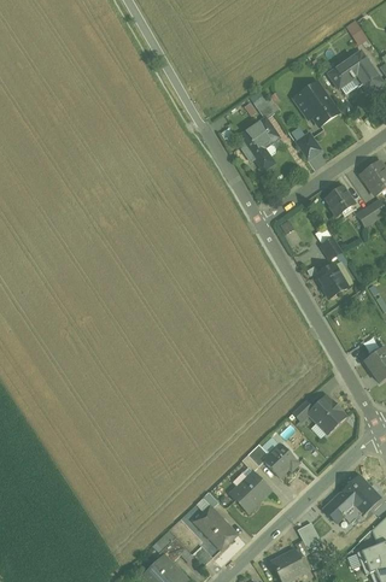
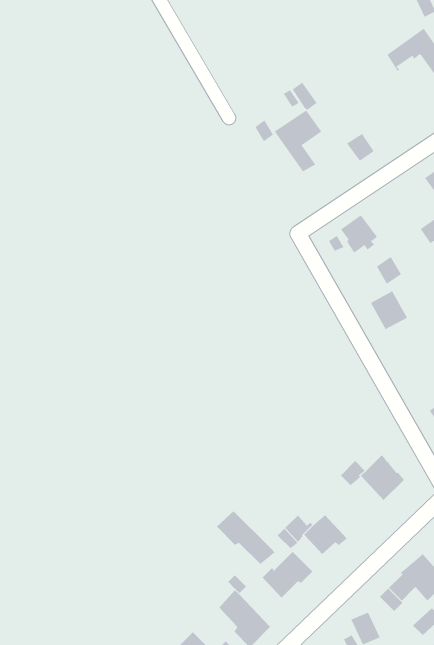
building: [299,83,337,127] -> none
building: [324,186,355,217] -> [340,214,378,253]
building: none -> [216,510,275,565]

